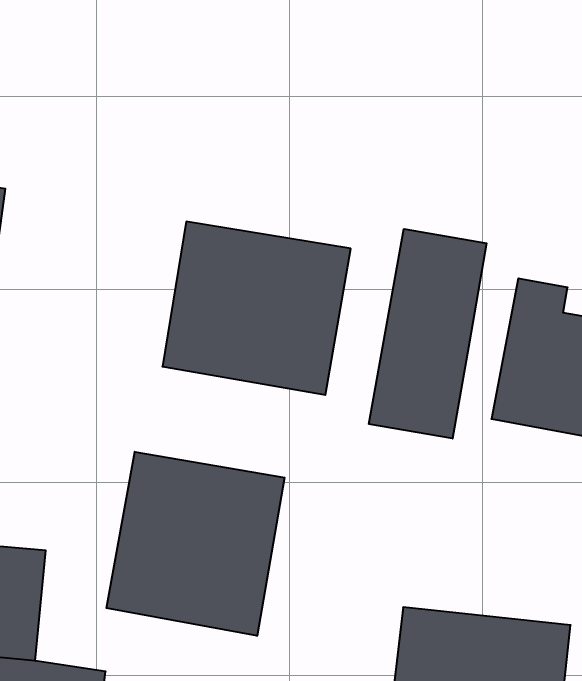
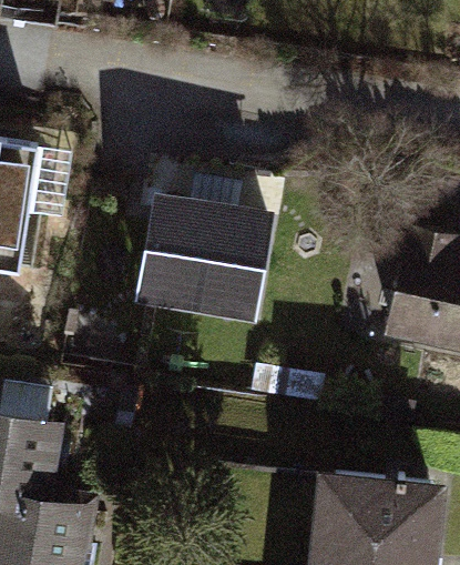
building: [369,229,487,439] -> none
building: [106,452,285,636] -> none

